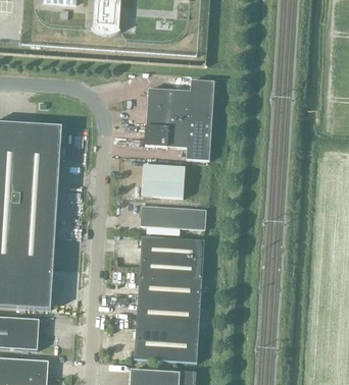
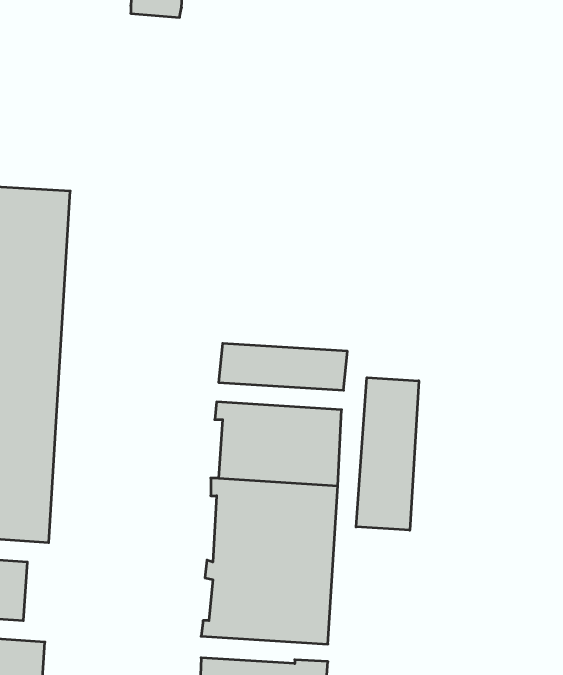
building: [144,78,213,160] -> none
building: [140,164,184,197] -> none
building: none -> [356,378,419,530]

